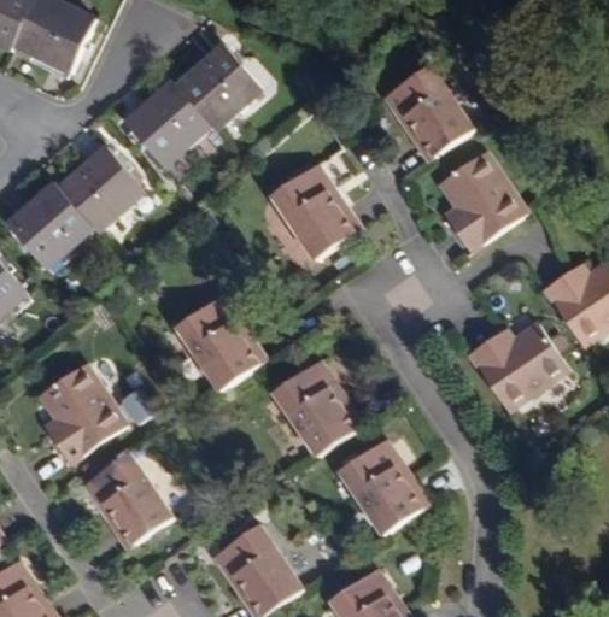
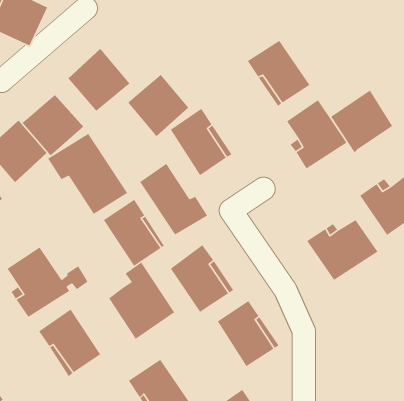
building: [176,41,265,131] -> [127,74,189,137]
building: none -> [330,90,393,153]
building: none -> [47,133,128,215]
building: none -> [139,163,208,235]
building: none -> [108,262,175,340]

